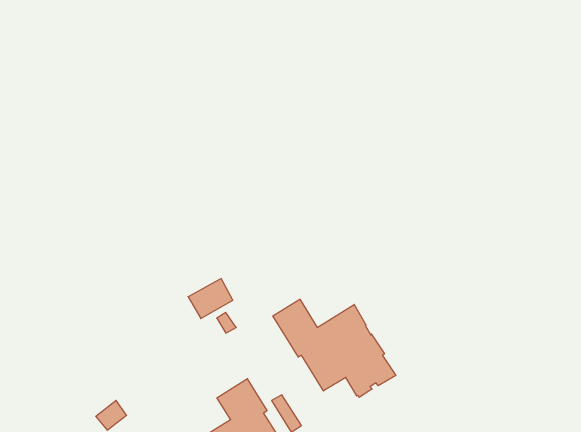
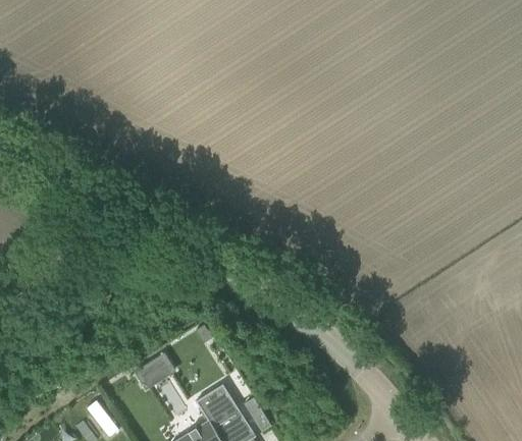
building: [188,279,233,319] -> [136,351,175,387]
building: [273,299,396,397] -> none

